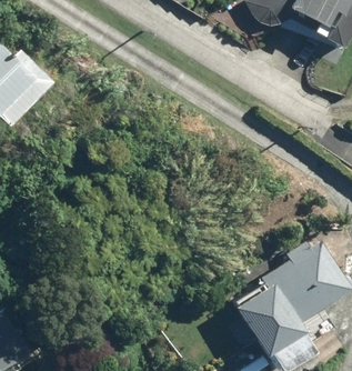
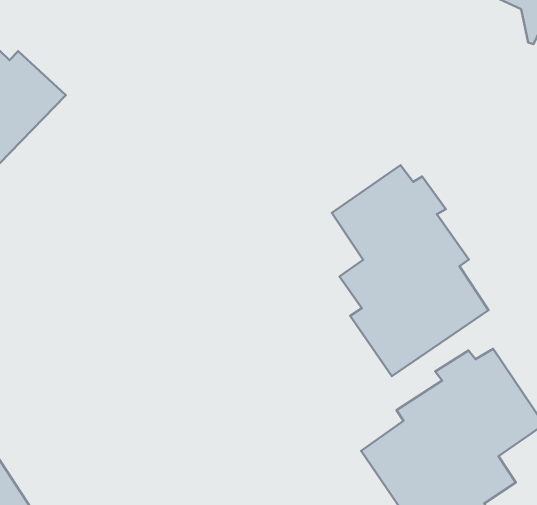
building: none -> [332,165,488,376]

